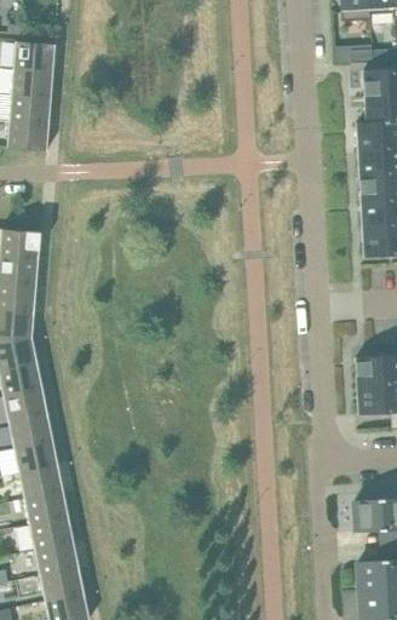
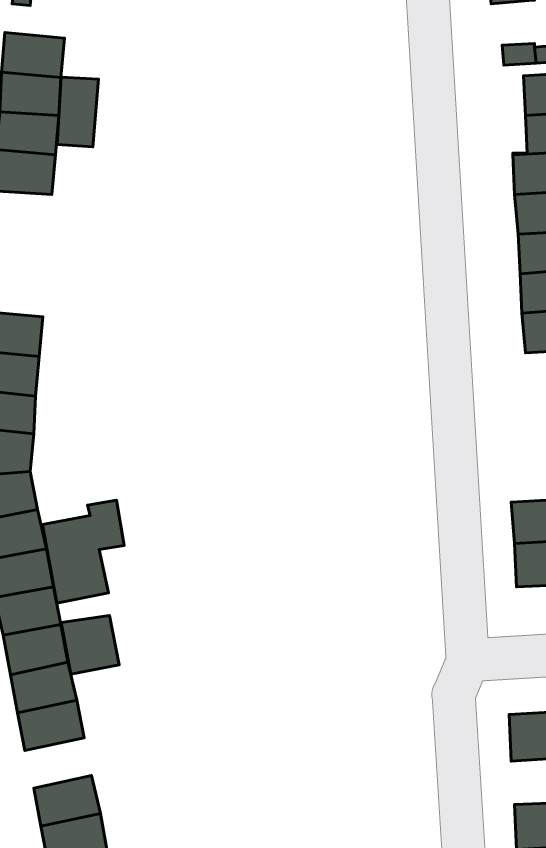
building: none -> [57,77,99,147]
building: none -> [42,500,124,603]
building: none -> [61,616,119,674]
building: [28,516,73,550] -> none

